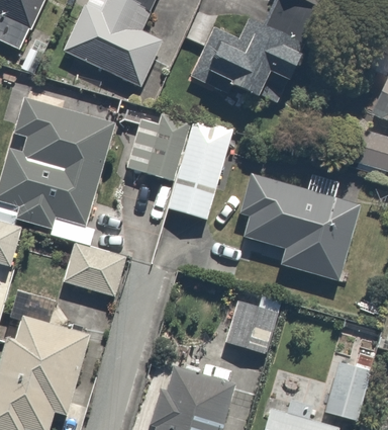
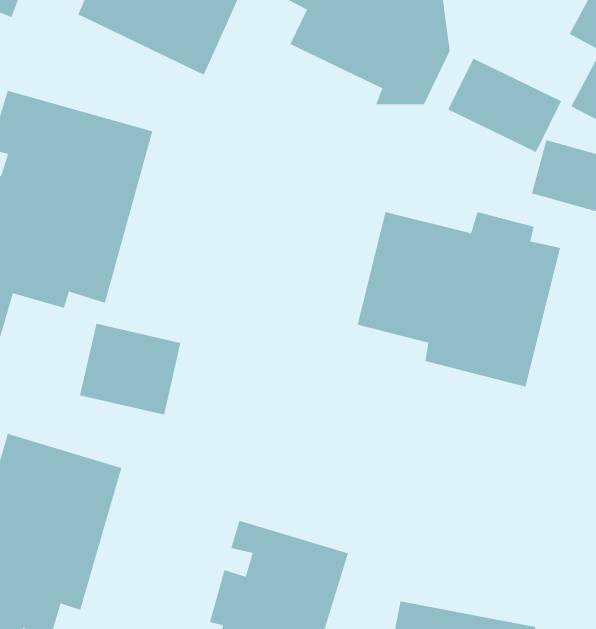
building: none -> [448,58,562,153]
building: [122,113,239,222] -> none
building: [227,300,284,358] -> none
building: [327,360,376,420] -> none

